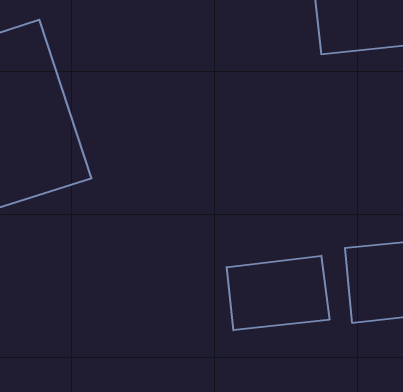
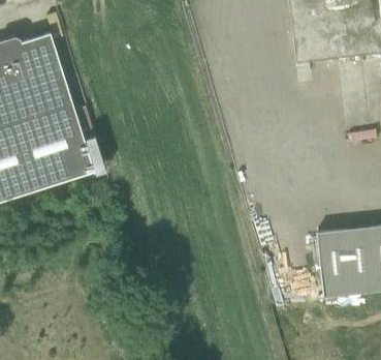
building: [227,256,329,330] -> none

